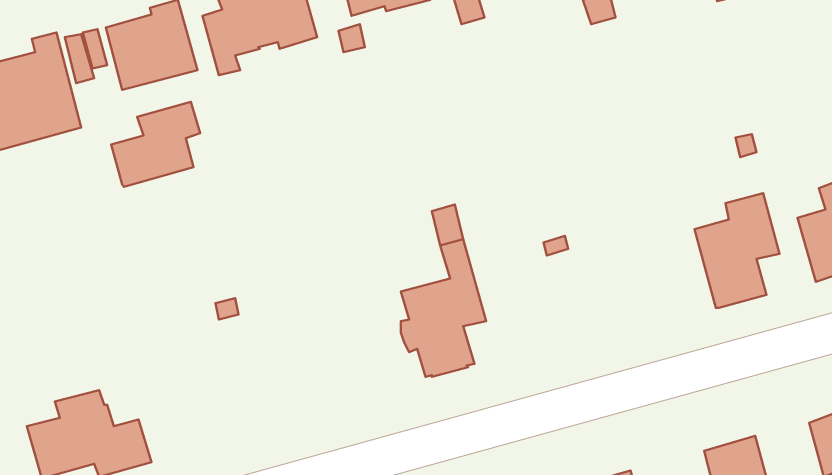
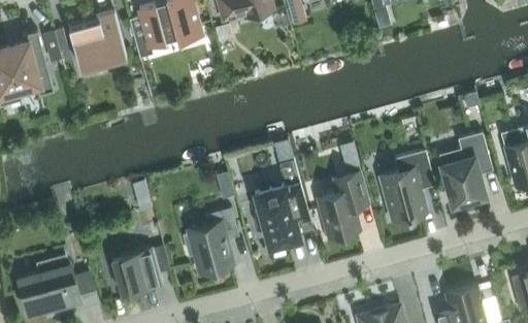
building: [111,102,200,187] -> none
building: none -> [380,150,434,221]
building: none -> [317,172,367,238]
building: none -> [187,208,237,273]
building: none -> [111,246,169,295]

